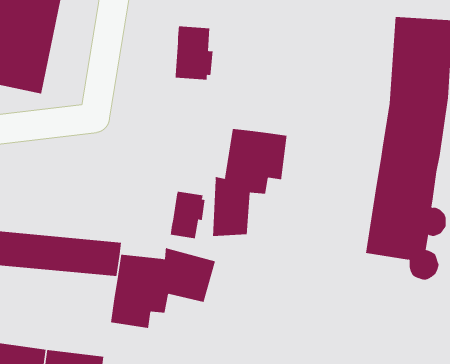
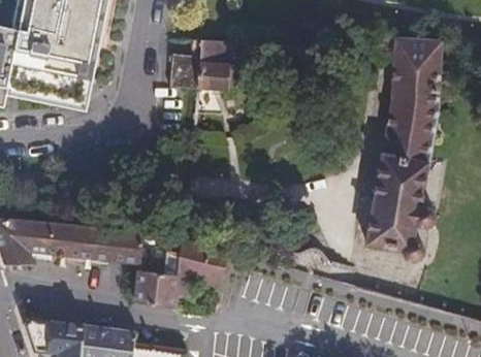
building: none -> [169,53,198,87]
building: [213,128,287,237] -> none
building: [170,191,205,239] -> none

